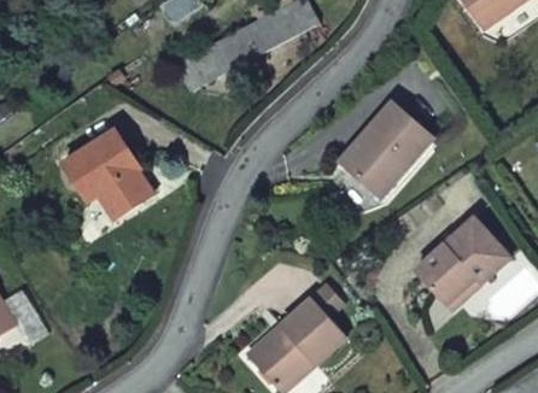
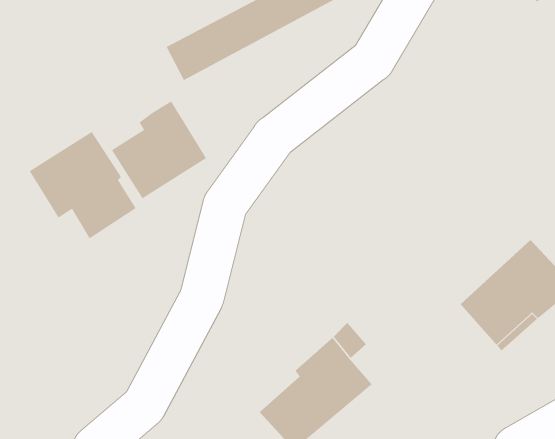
building: [341,105,428,199] -> none
building: none -> [111,100,207,199]

